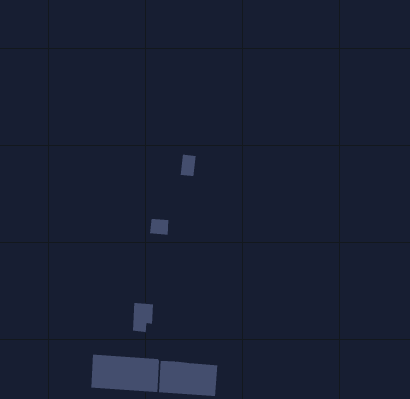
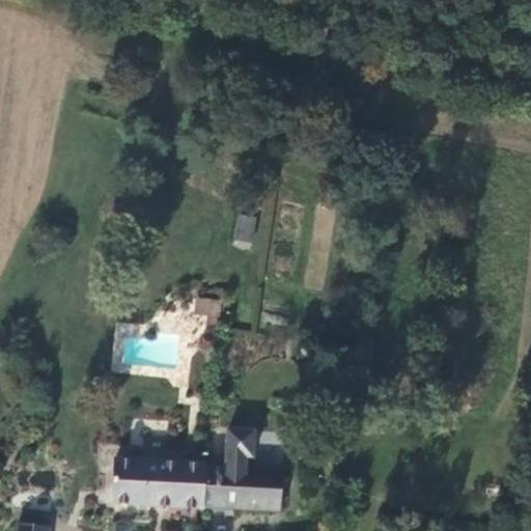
building: [132,303,154,332] -> [227,430,255,469]

